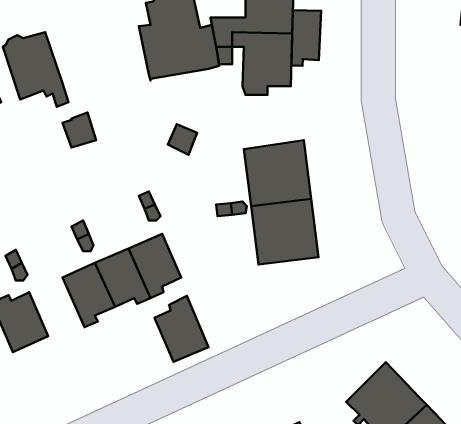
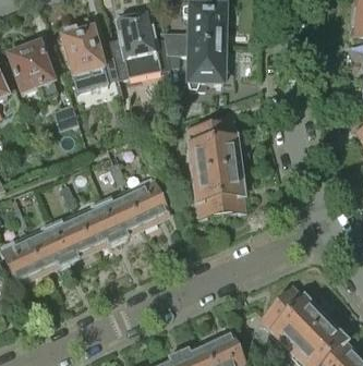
building: none -> [62,26,105,84]
building: [291,10,321,66] -> none
building: none -> [28,225,70,269]
building: [155,296,209,362] -> [128,176,168,225]

